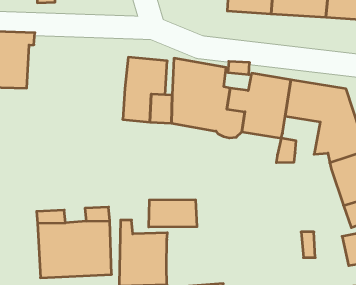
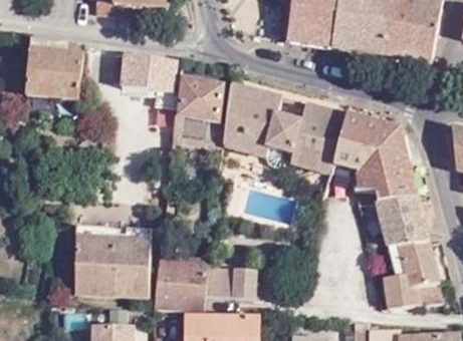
building: none -> [120,54,177,108]
building: none -> [332,150,378,205]
building: [149,200,197,227] -> [203,265,253,296]

